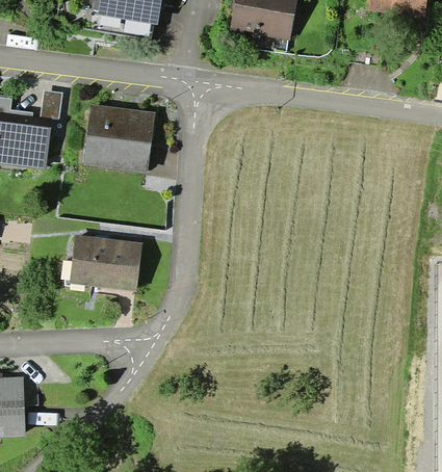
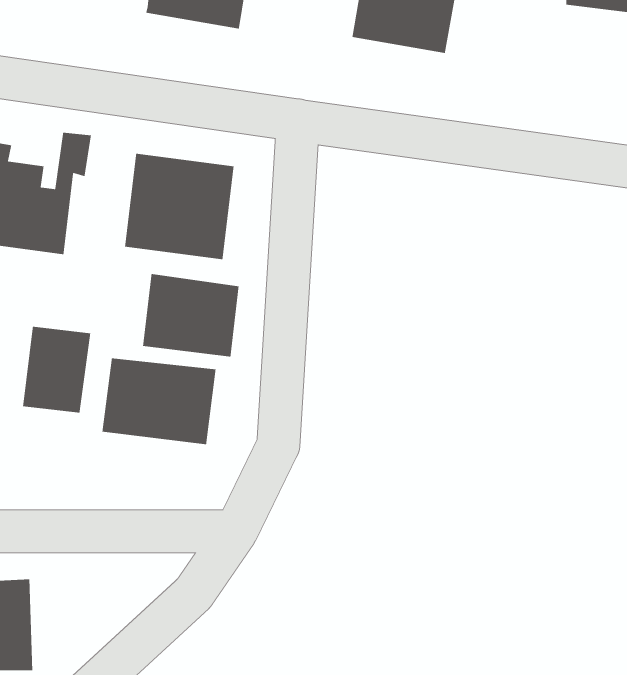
building: none -> [142,273,239,357]
building: none -> [22,326,91,413]

